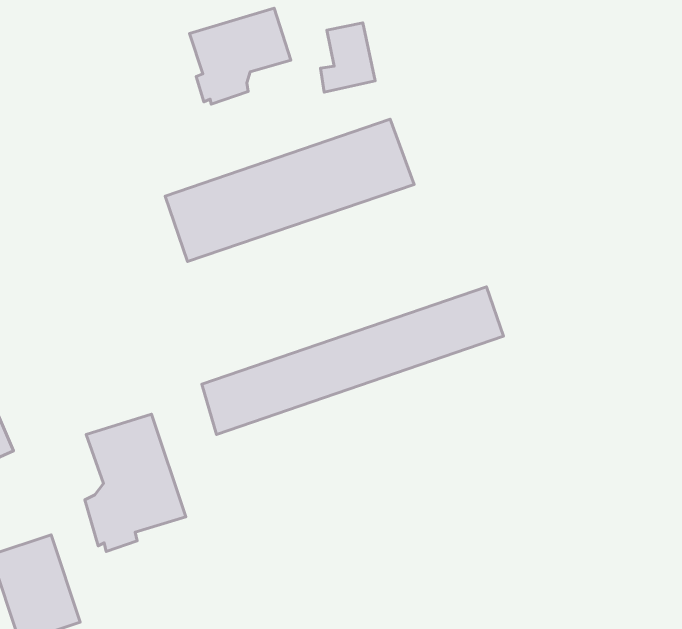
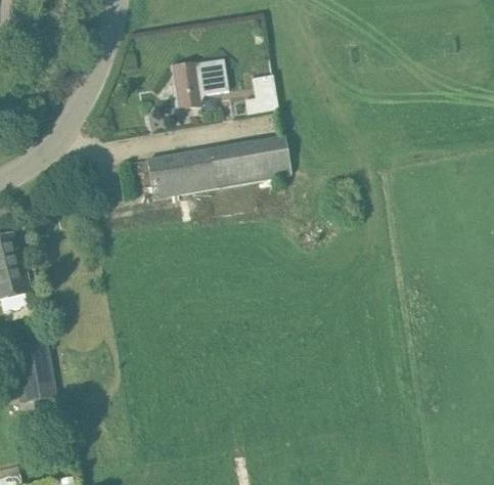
building: [202,287,503,435] -> none
building: [85,414,186,552] -> none

